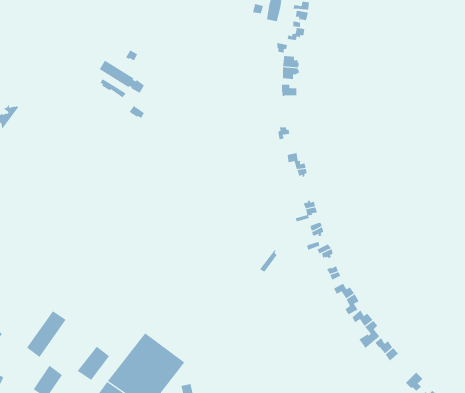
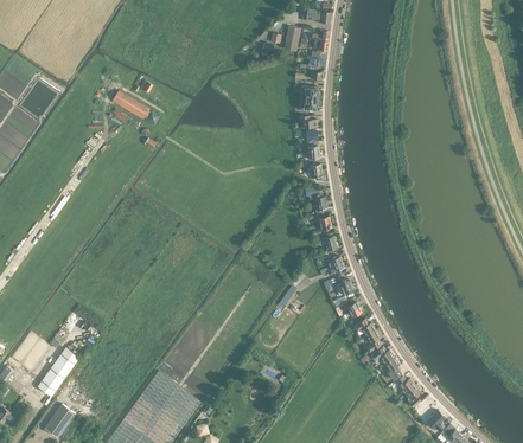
building: [77,346,110,381] -> none

